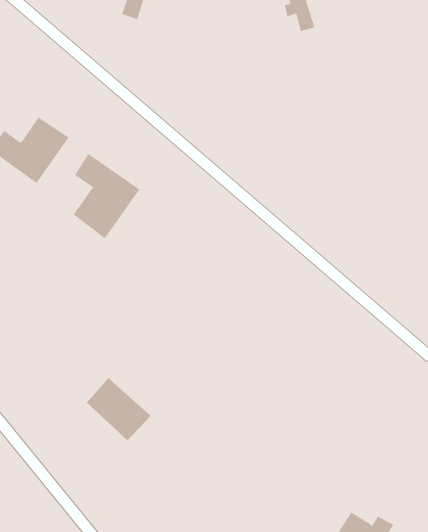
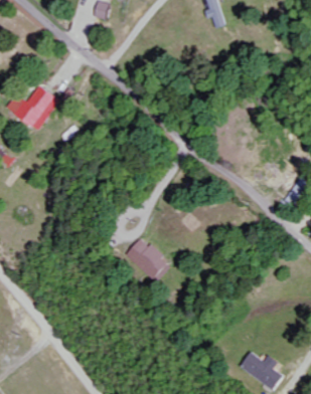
building: [73,153,140,239] -> none
building: [86,377,151,441] -> [125,237,169,280]

